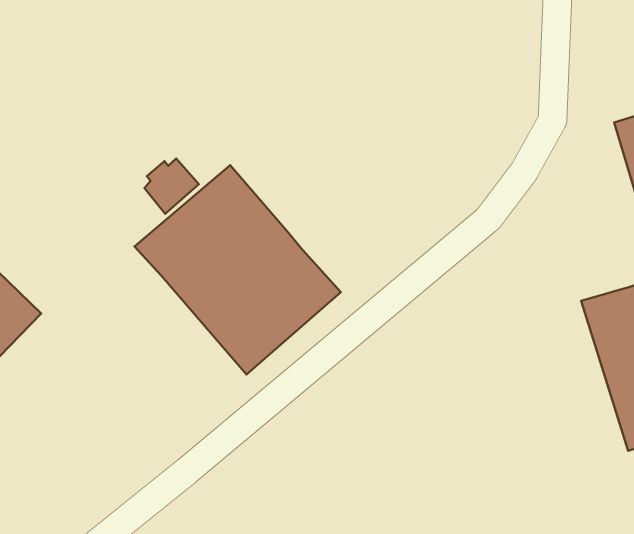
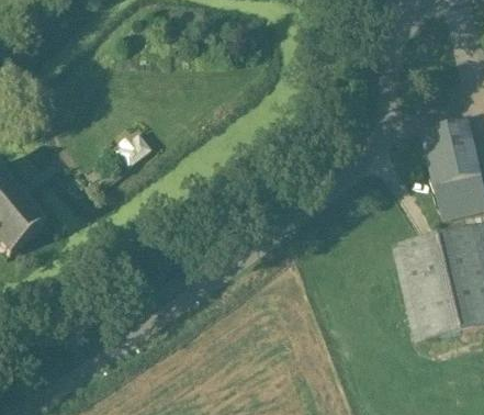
building: [135,165,341,374] -> none

